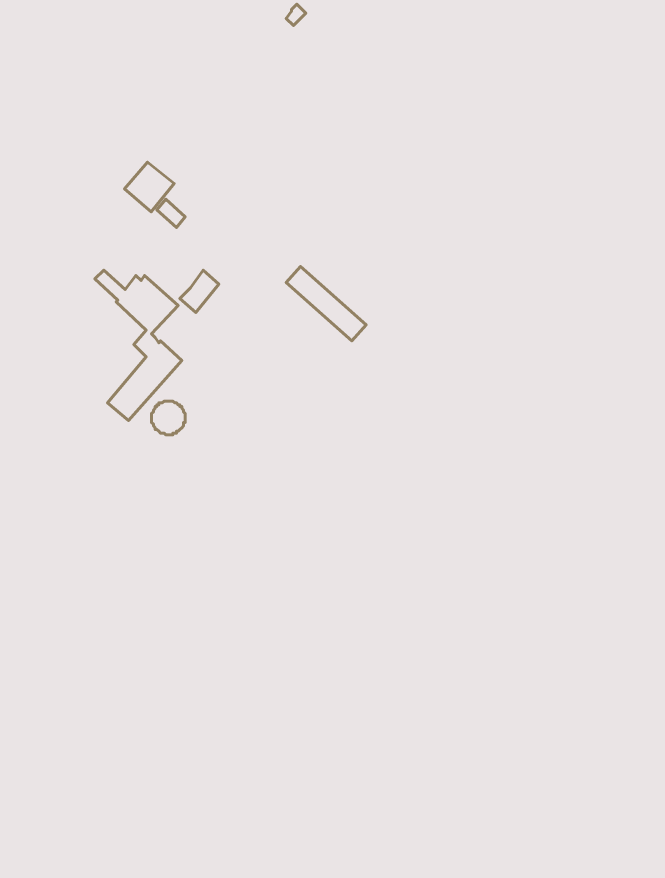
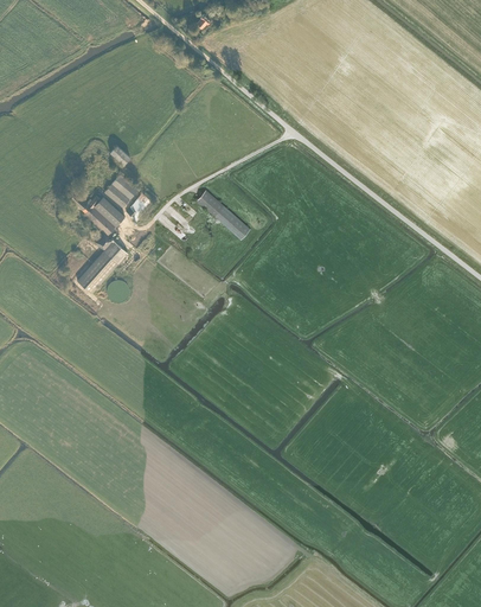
building: [125,162,174,212] -> [104,174,137,207]

